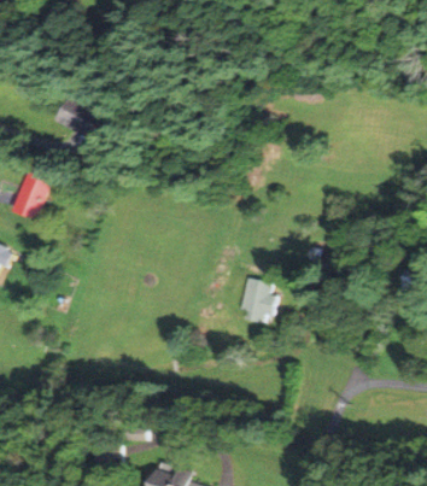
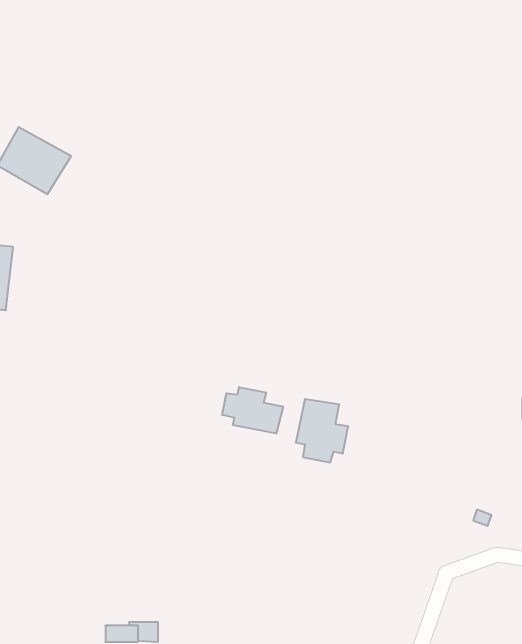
building: none -> [222,387,283,434]

